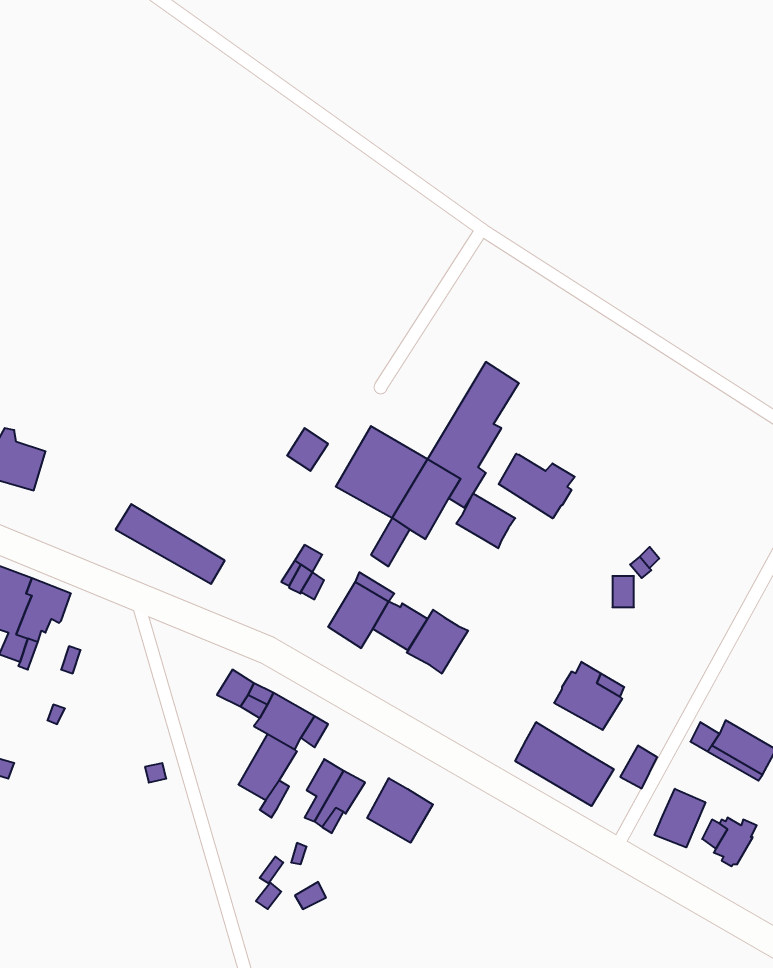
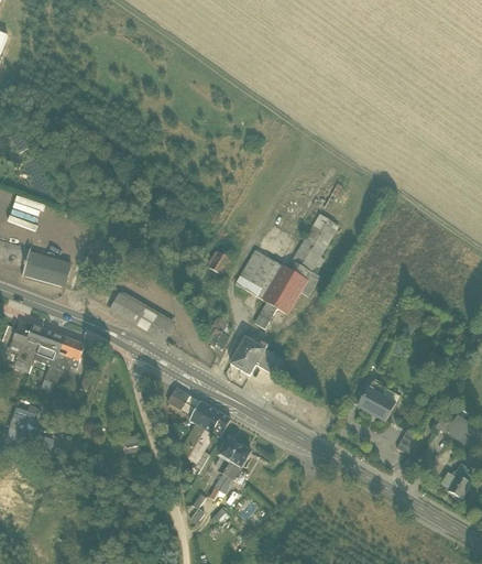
building: [499,454,575,518] -> none
building: [456,494,515,548] -> none
building: [407,610,468,674] -> none
building: [515,722,614,806] -> none
building: [367,778,433,843] -> none
building: [654,789,705,847] -> none

